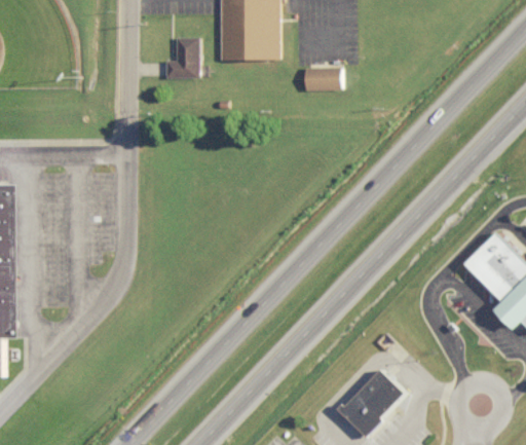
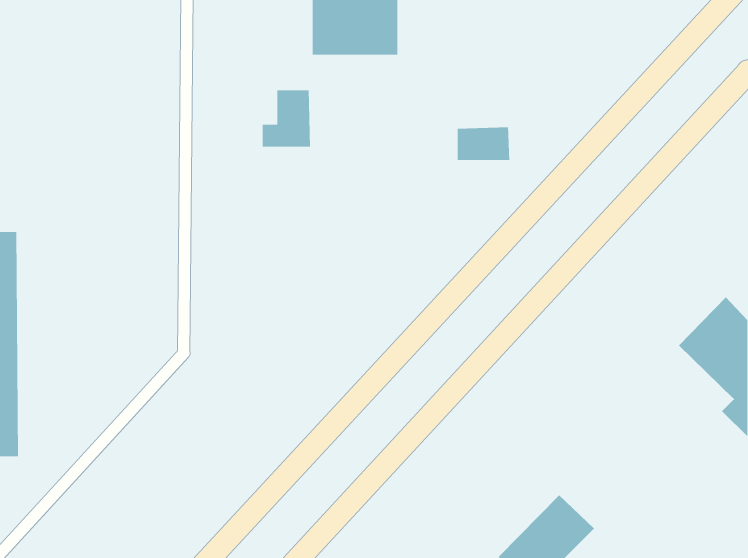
building: [161,36,195,76] -> [262,90,311,148]
building: [301,66,338,89] -> [457,127,510,161]

